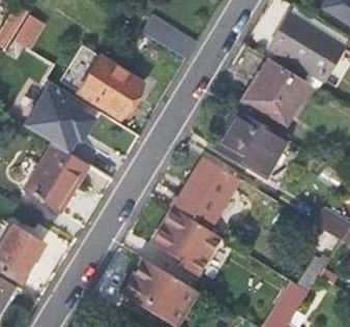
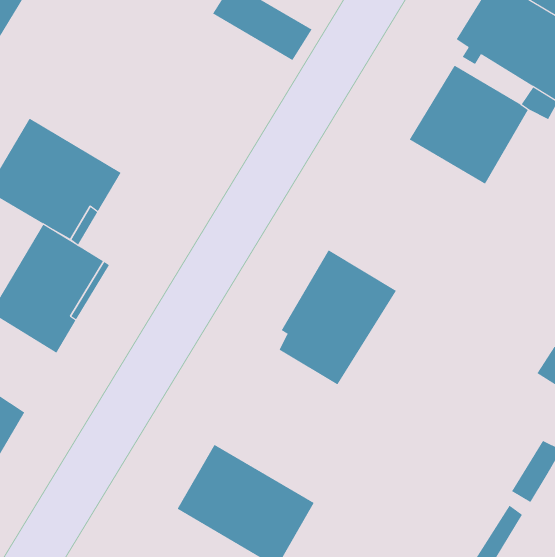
building: [60,47,140,118] -> none
building: [211,107,285,176] -> none
building: [152,207,221,275] -> none

